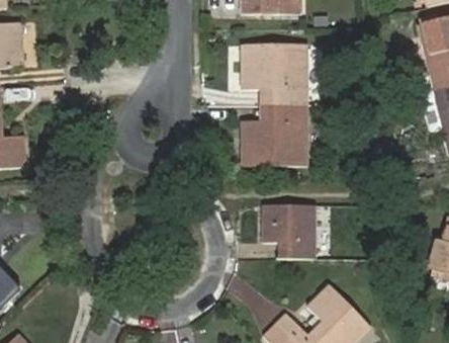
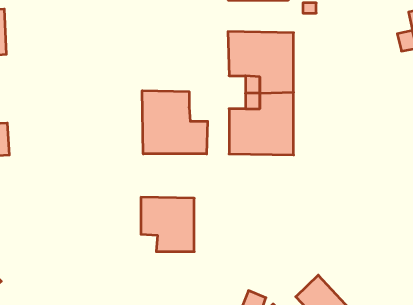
building: none -> [142,91,208,154]
building: [262,204,315,258] -> [141,197,194,252]

